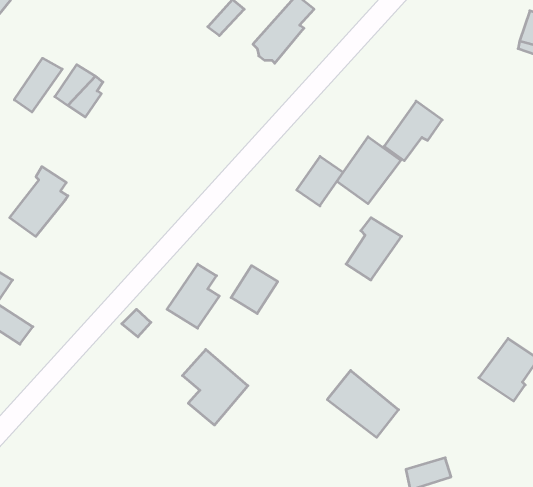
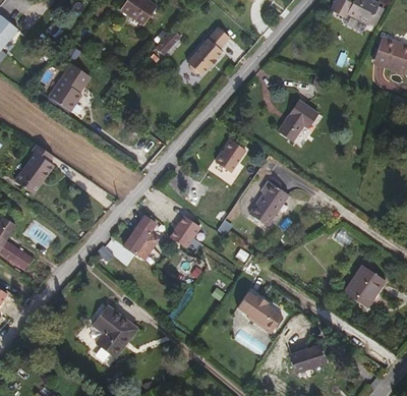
building: [14,58,62,112] -> none
building: [337,137,401,204] -> none
building: [182,349,248,425] -> [91,304,136,357]

